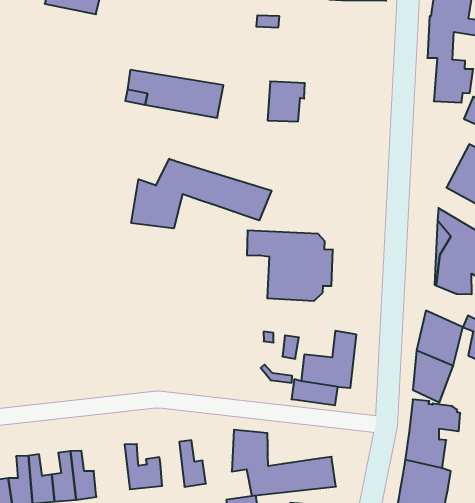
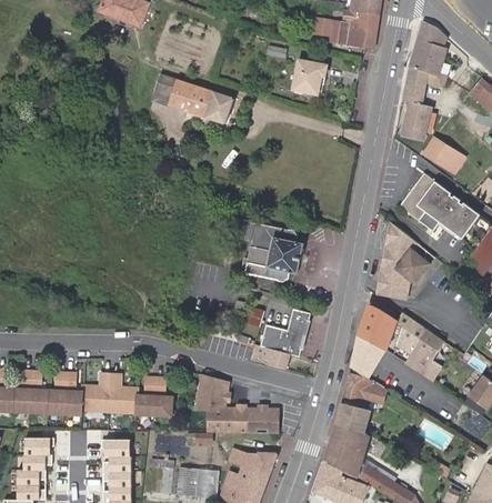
building: [268,81,305,121] -> [292,59,327,94]
building: [131,159,272,228] -> none
building: none -> [137,379,155,416]
building: none -> [82,375,111,412]

